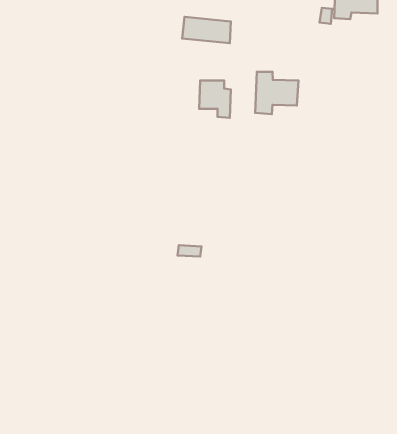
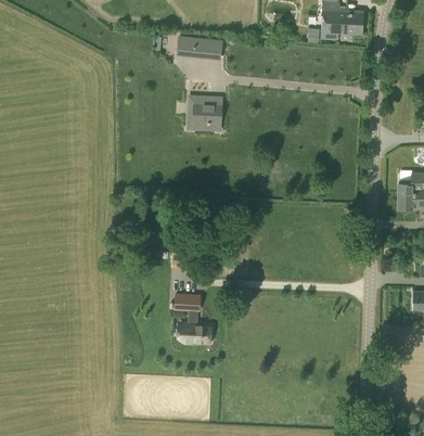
building: [255,72,299,114] -> none
building: none -> [175,294,211,344]

